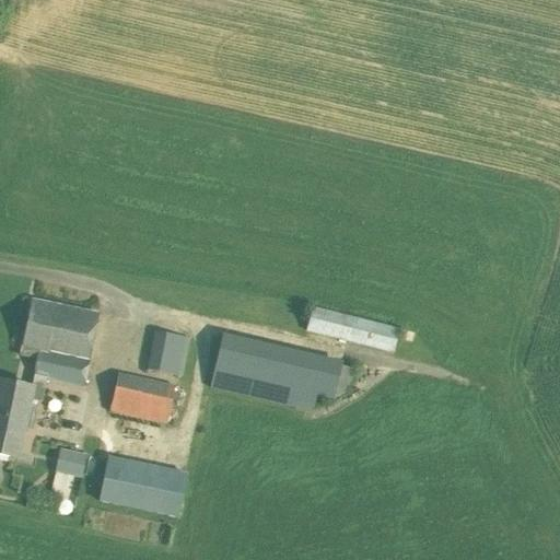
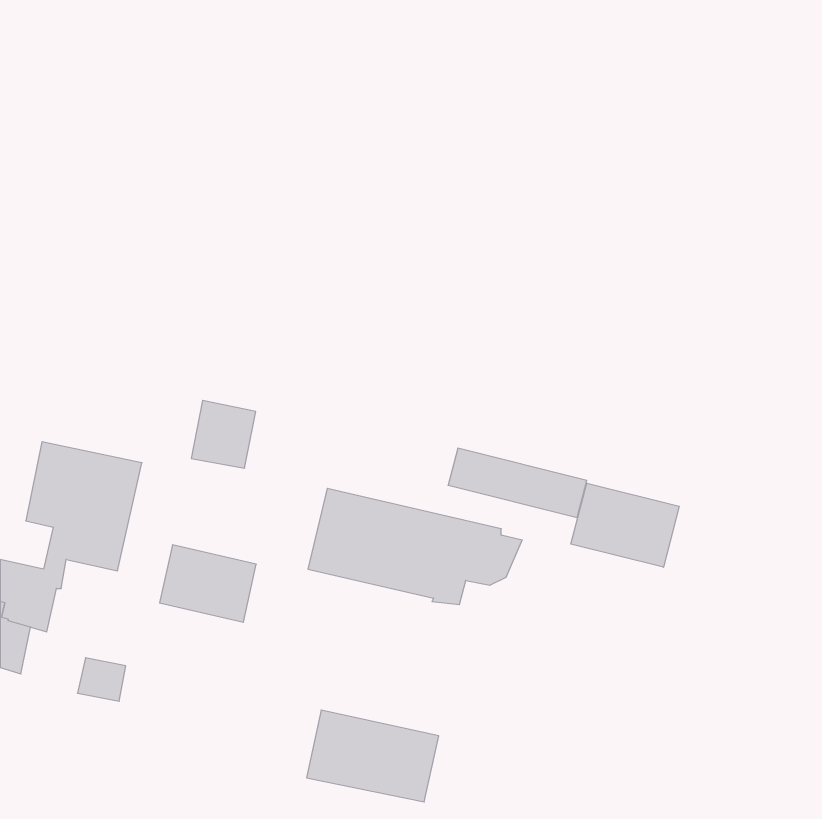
building: none -> [571,483,679,567]
building: [147,328,190,374] -> [191,400,256,468]
building: [98,454,188,516] -> [307,710,439,802]

